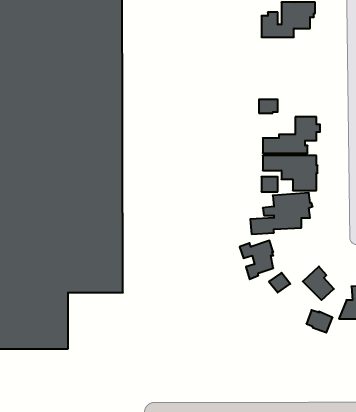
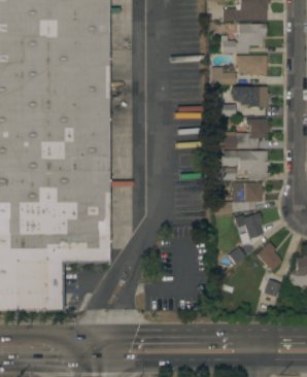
building: none -> [235,55,266,75]
building: none -> [231,87,269,108]
building: [240,241,273,279] -> [234,212,262,244]

